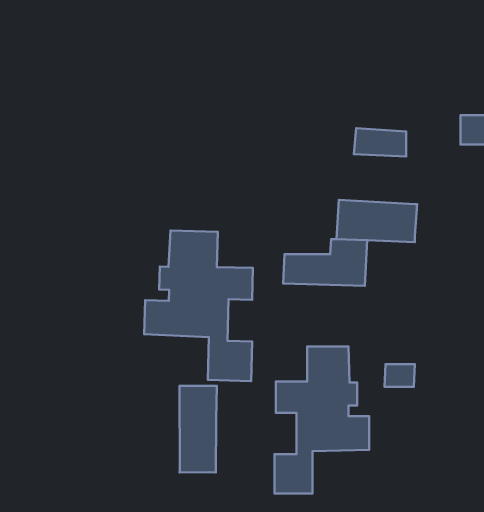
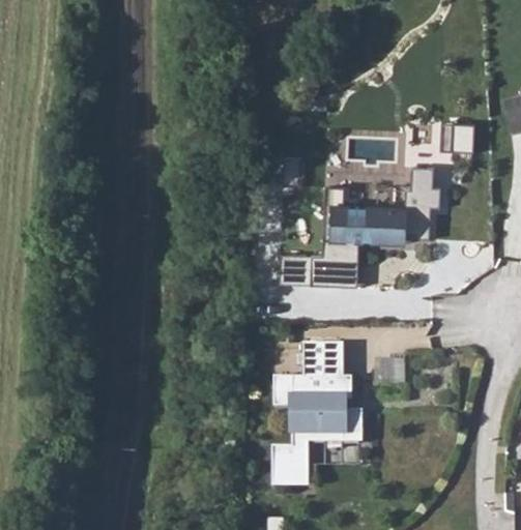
building: none -> [405,168,441,239]
building: [144,231,253,381] -> none
building: [180,386,217,473] -> none

